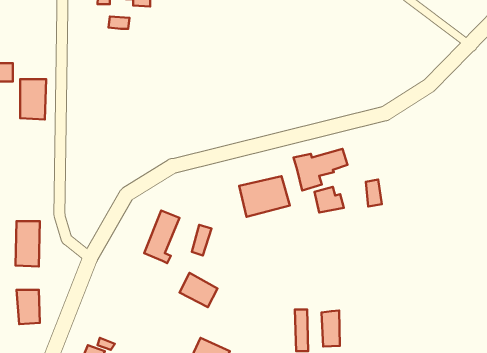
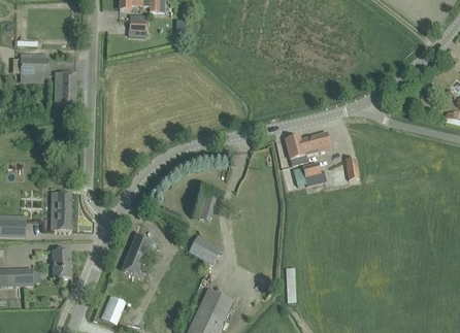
building: [239,176,290,217] -> none
building: [144,210,180,263] -> [122,234,152,278]
building: [322,310,340,346] -> none

